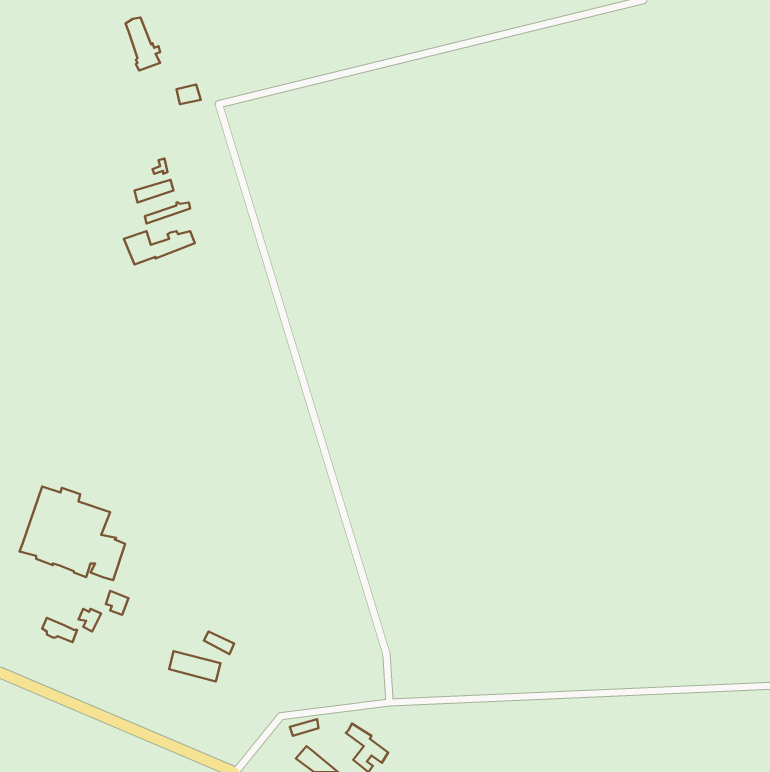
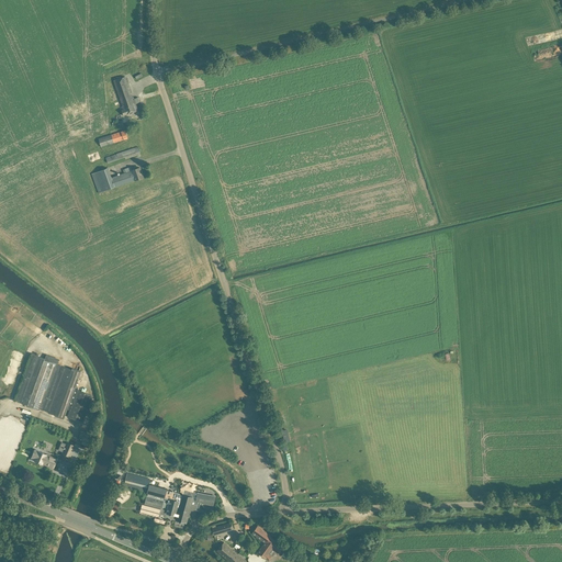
building: [125,17,160,70] -> [113,77,138,115]
building: none -> [144,488,214,522]

